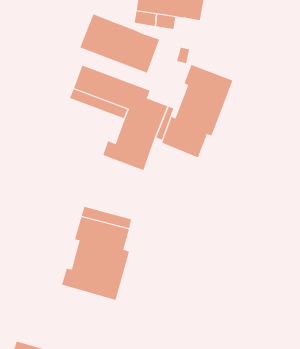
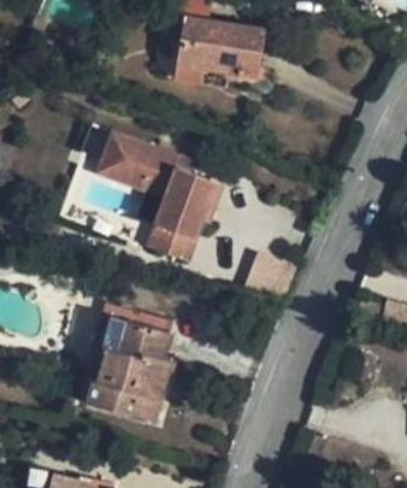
building: [79,13,160,73] -> none
building: [161,64,233,158] -> none

